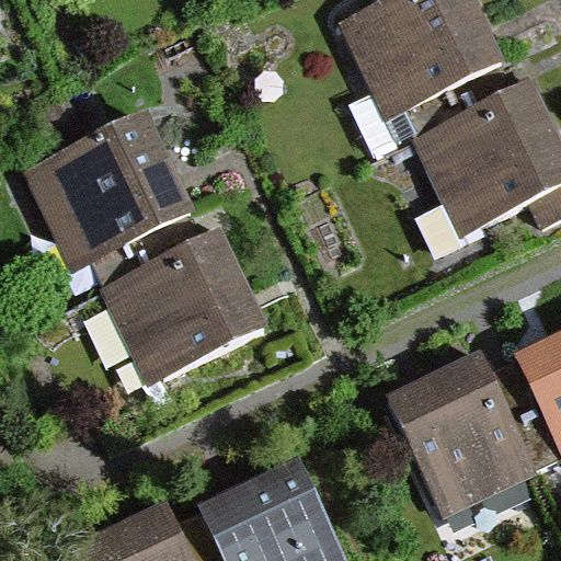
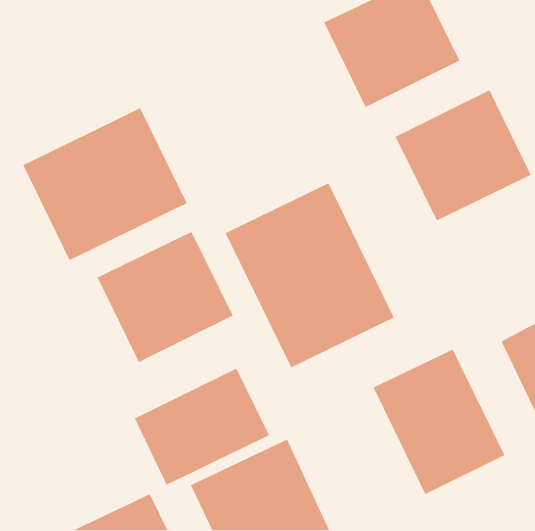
building: none -> [224,182,395,369]
building: none -> [134,367,270,486]

